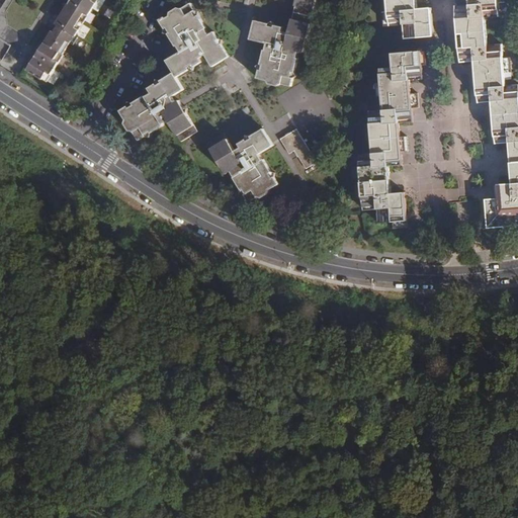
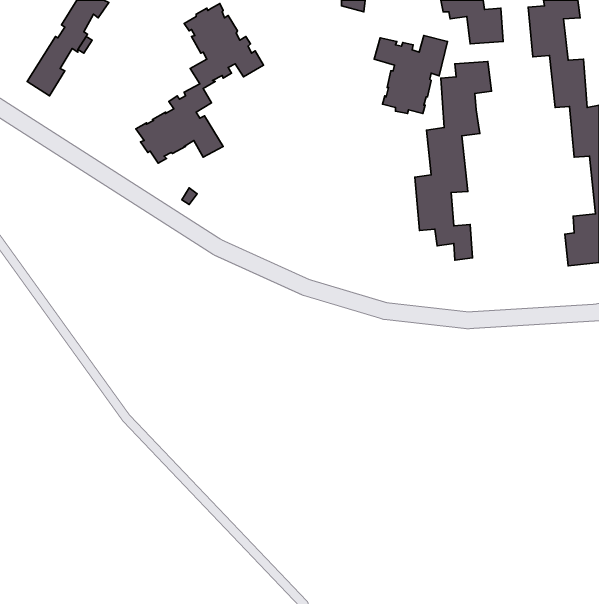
building: [247,18,310,85] -> [374,36,448,114]
building: [203,128,276,201] -> none
building: [277,130,314,168] -> none

